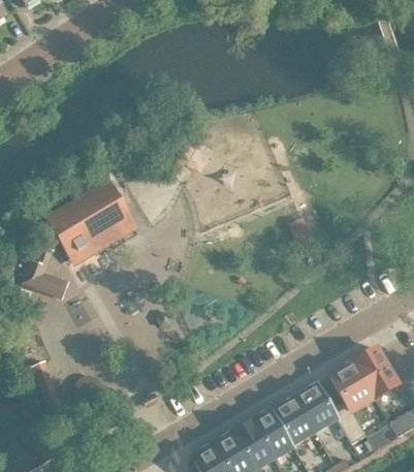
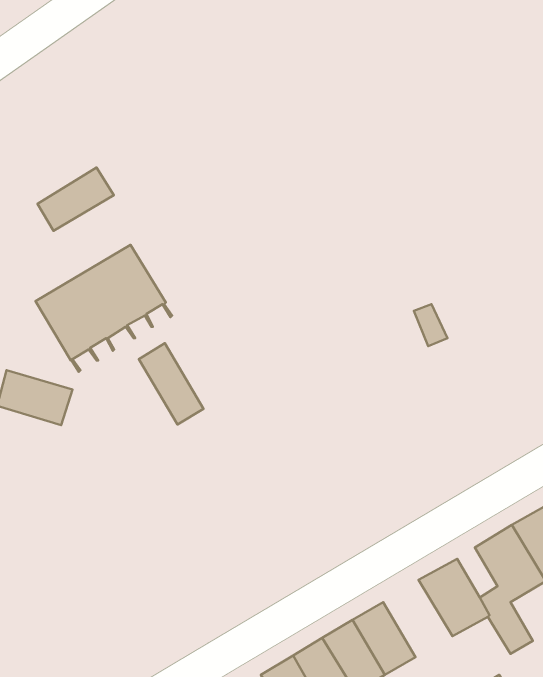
building: none -> [37,168,114,231]
building: none -> [139,343,204,425]
building: [269,396,314,446] -> none

